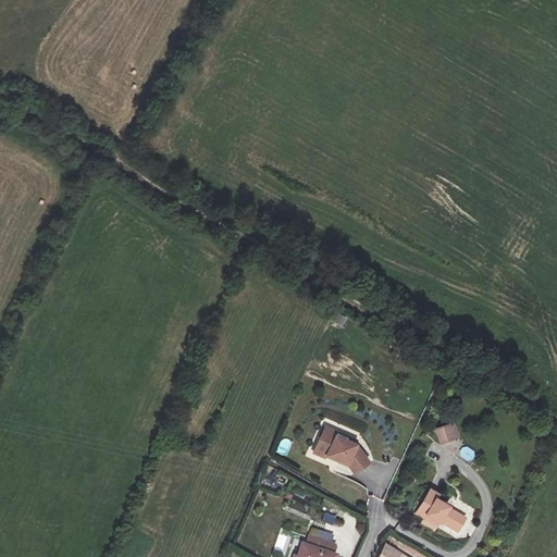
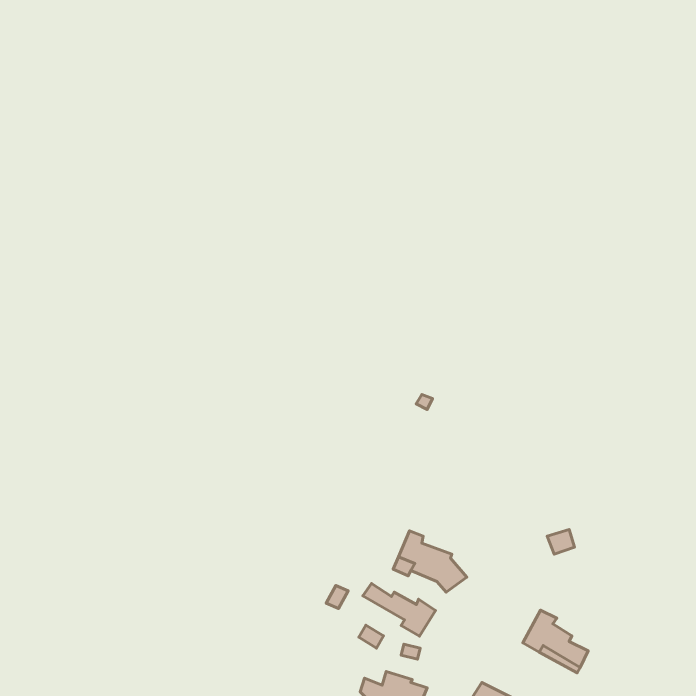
building: none -> [363,583,436,636]

